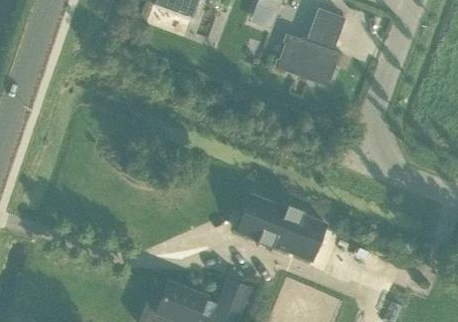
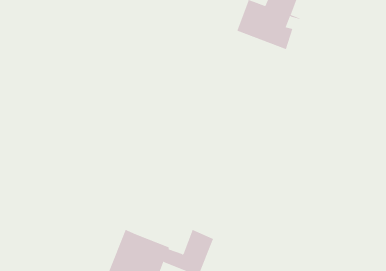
building: [237,194,327,261] -> none

